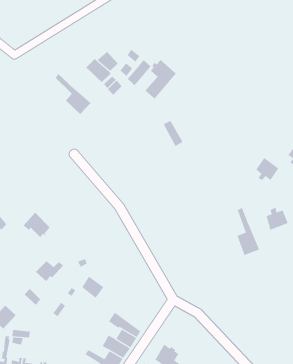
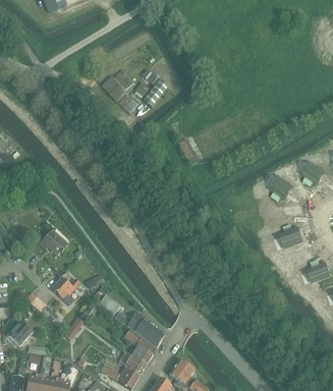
building: [144,59,176,100] -> none
building: [54,73,91,115] -> none
building: [237,207,260,256] -> none
building: none -> [114,311,163,347]

